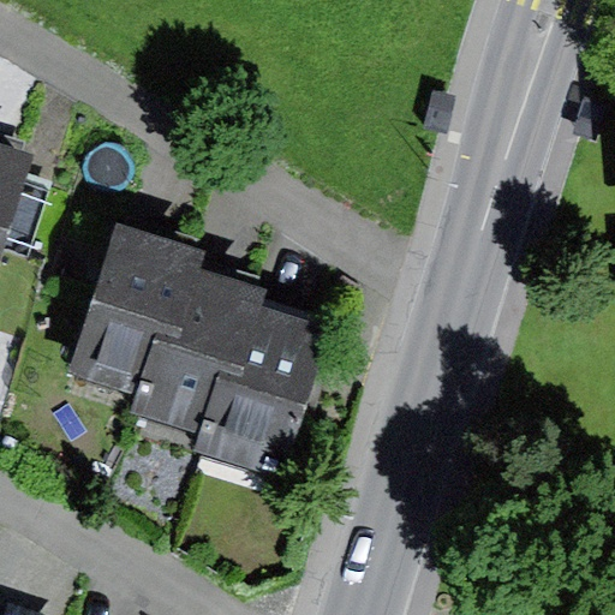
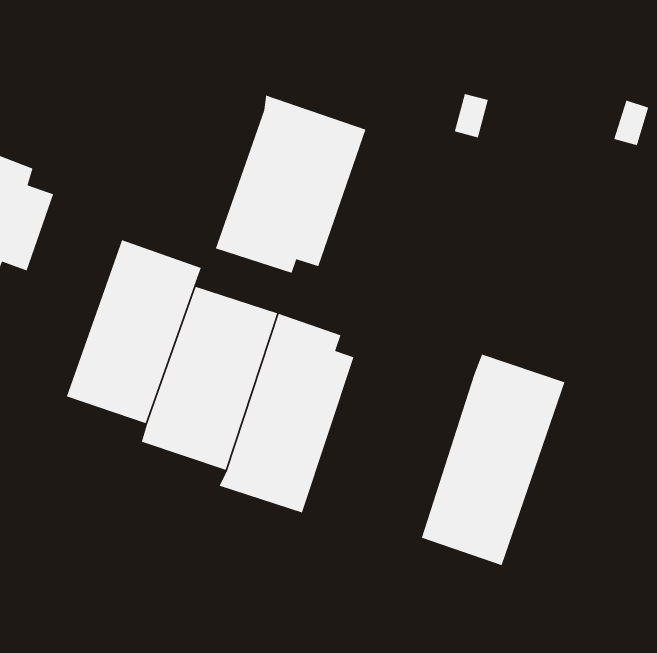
building: none -> [215,95,367,274]
building: none -> [421,354,565,566]

